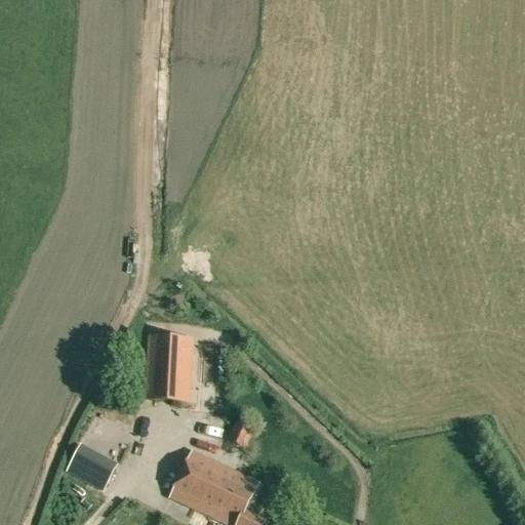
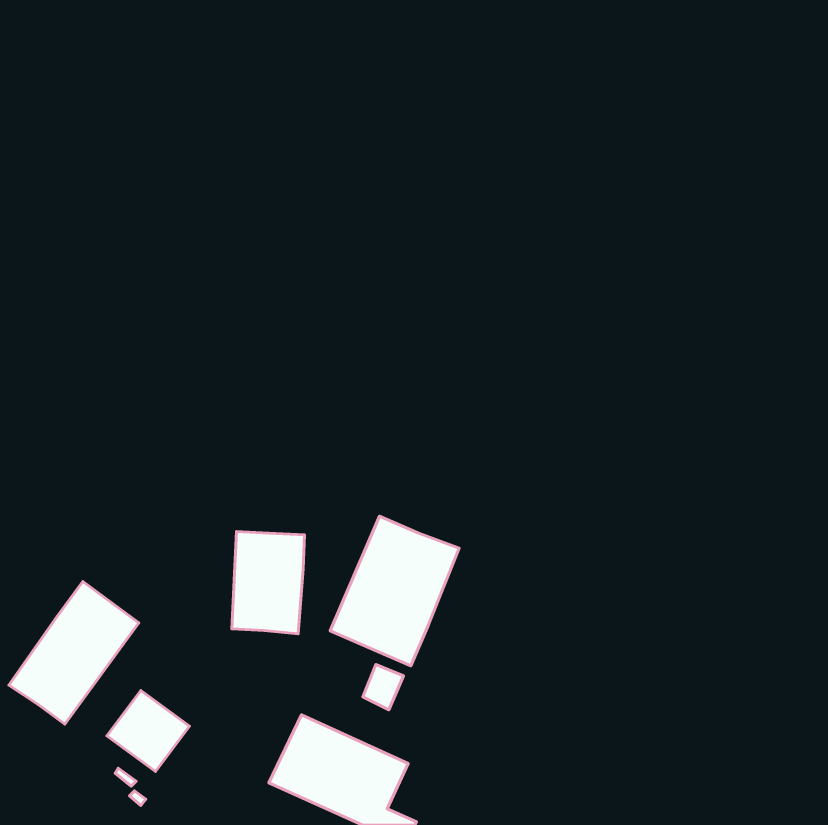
building: none -> [330,516,459,666]
building: none -> [9,582,139,724]

